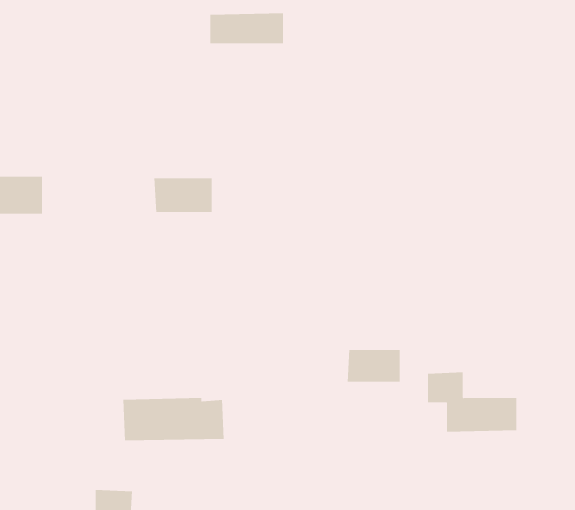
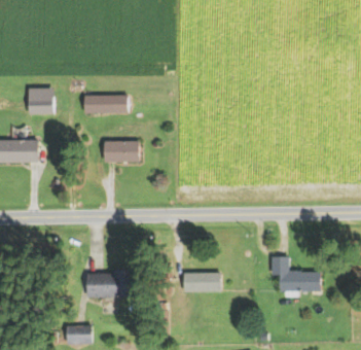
building: [209,13,284,44] -> [83,95,128,113]
building: none -> [28,87,53,114]
building: [347,349,400,382] -> [188,273,220,292]

